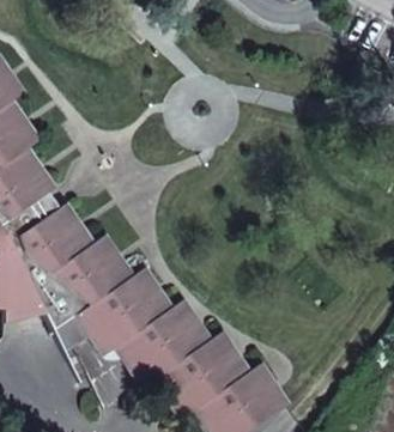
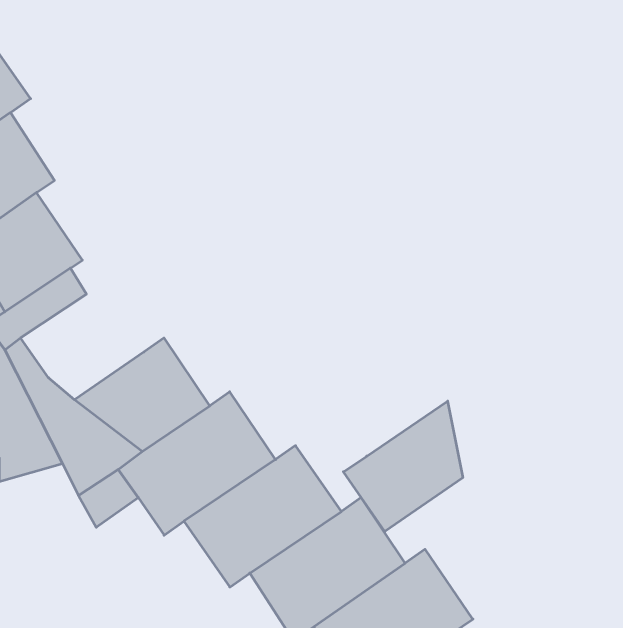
building: [18,203,92,272] -> none
building: none -> [343,401,463,531]

